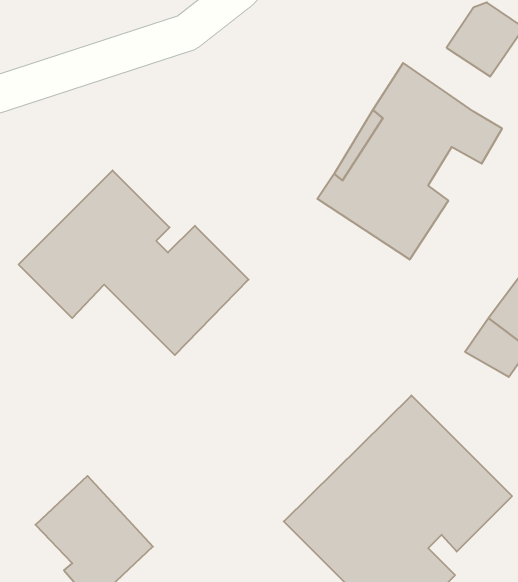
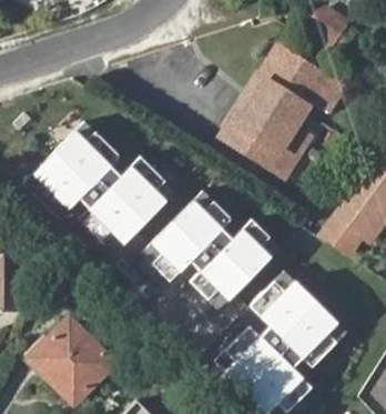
building: none -> [128,191,282,317]

